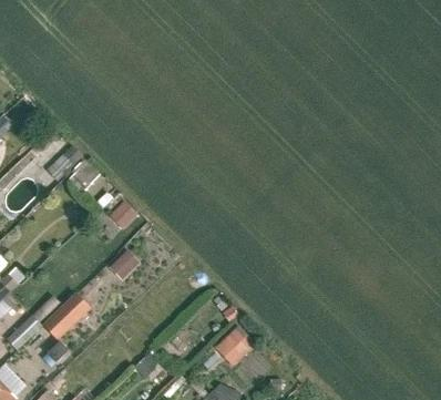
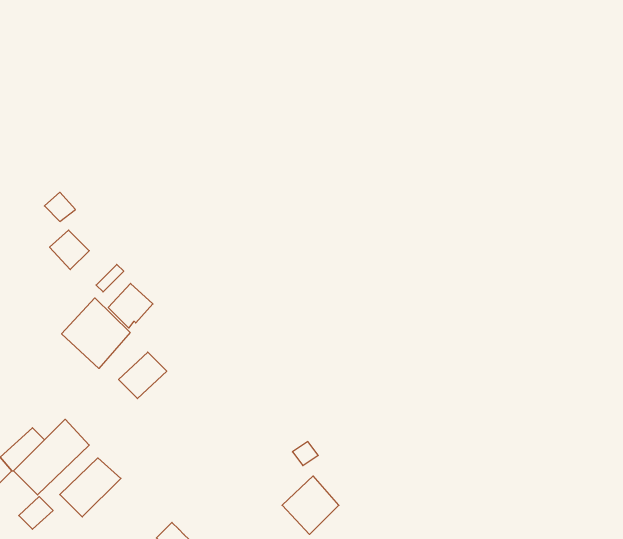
building: none -> [62,298,130,368]
building: none -> [60,458,121,517]

